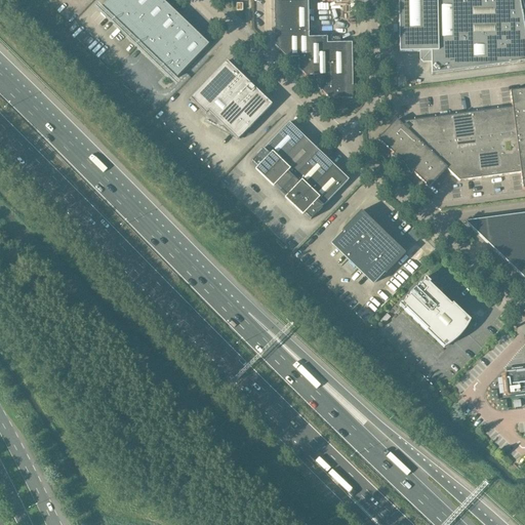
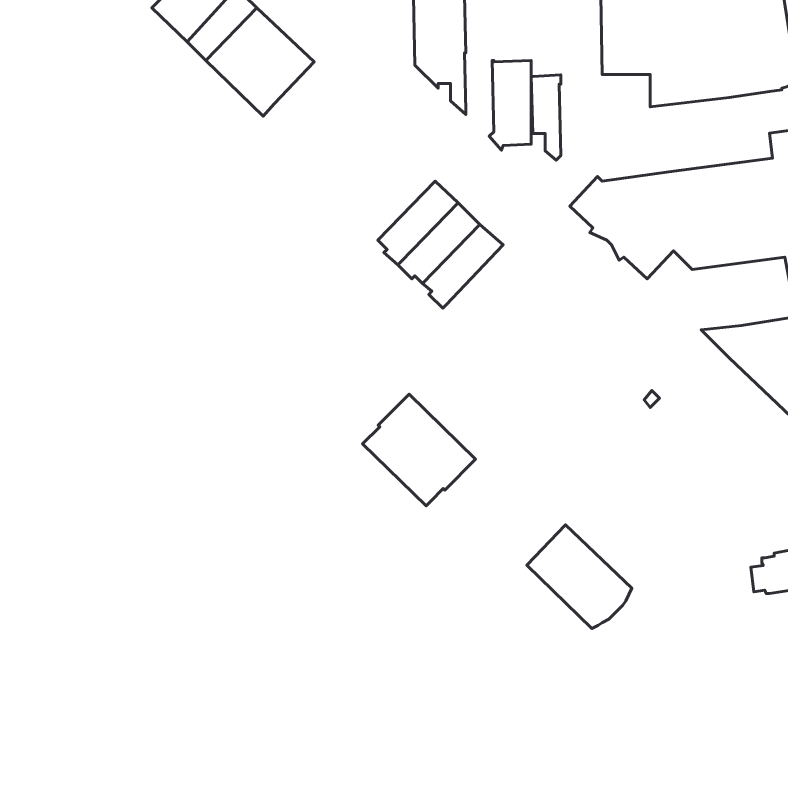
building: [310,34,329,90] -> [531,75,561,160]
building: [192,58,273,137] -> none
building: [295,162,351,216] -> none
building: [332,208,407,282] -> [363,394,476,506]
building: [402,276,472,345] -> [527,525,632,629]

